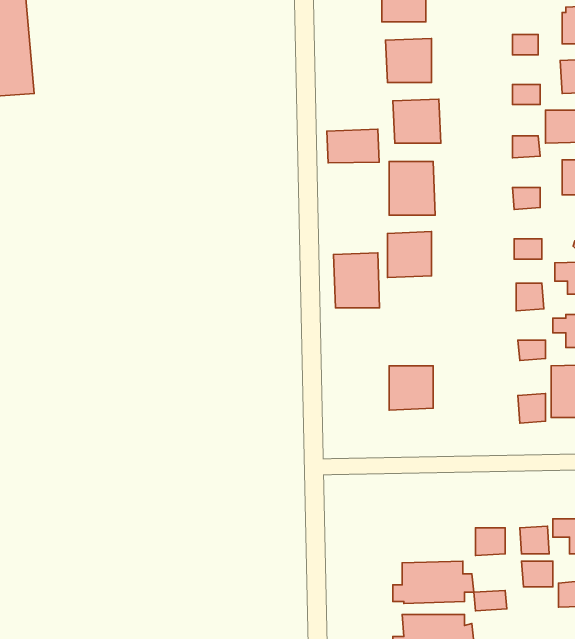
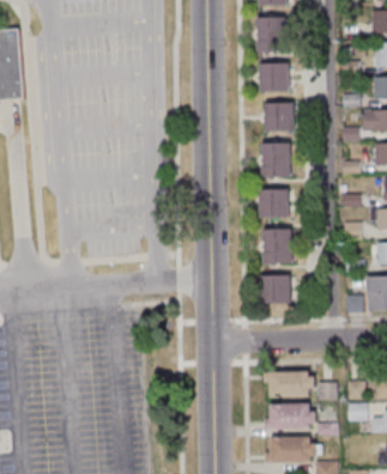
building: [327,129,379,163] -> none
building: [334,253,380,308] -> [261,227,291,263]
building: none -> [261,371,314,397]

